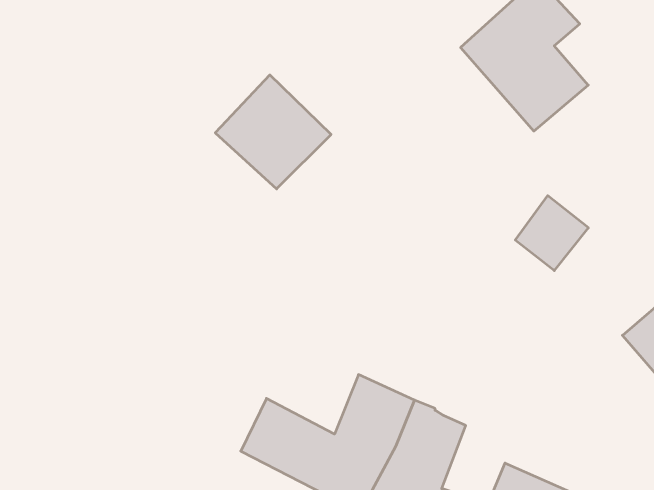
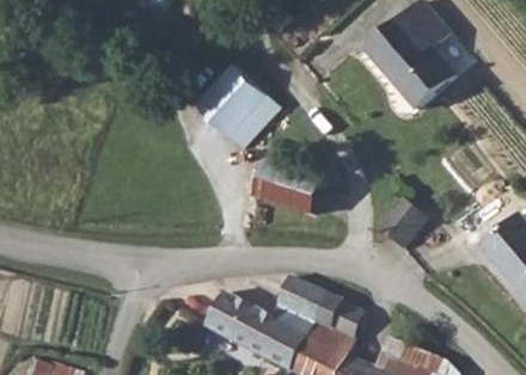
building: [515,196,588,271] -> [375,198,427,251]
building: none -> [258,161,325,211]

